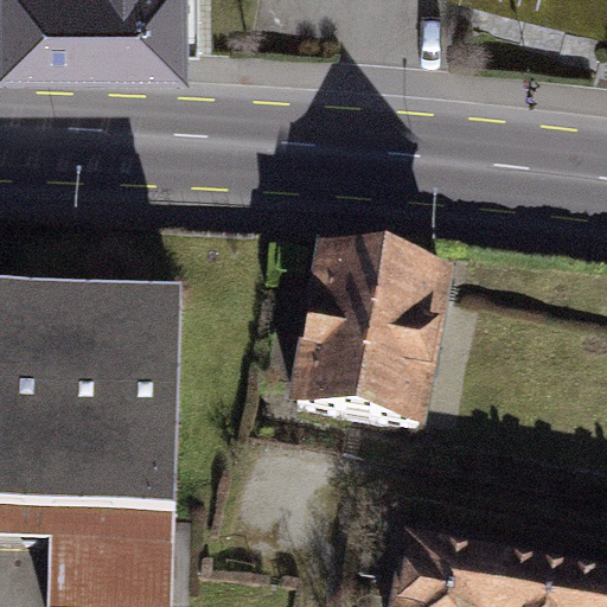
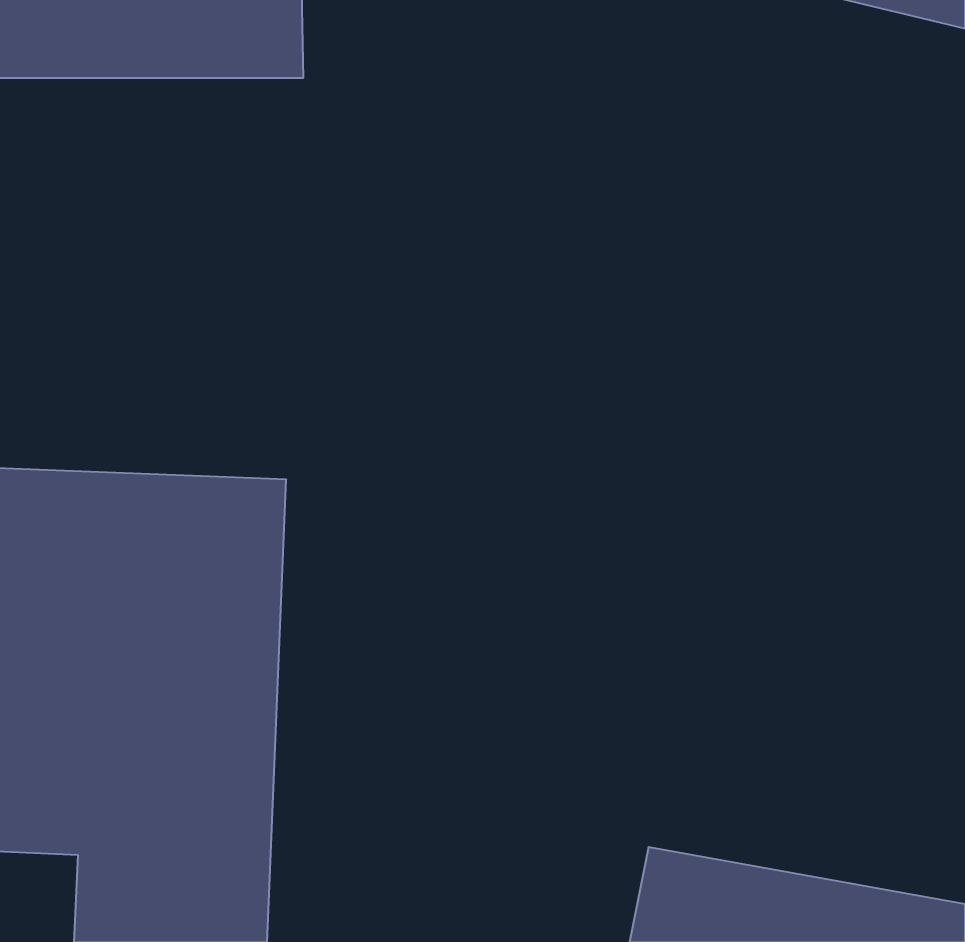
building: [289,243,456,427] -> none

